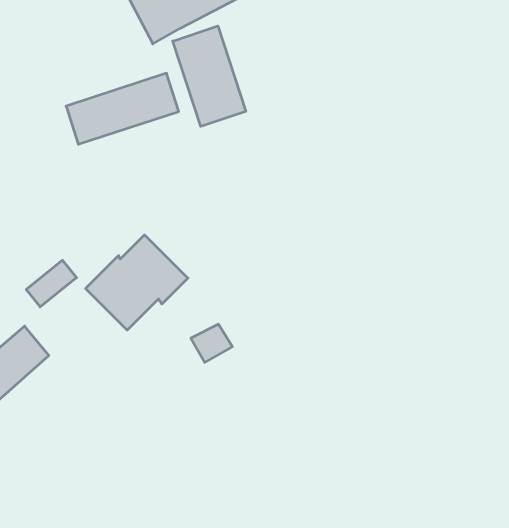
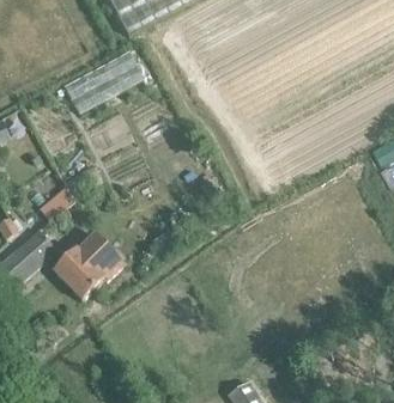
building: [173,26,246,126] -> none
building: [86,235,188,330] -> [53,231,123,297]

